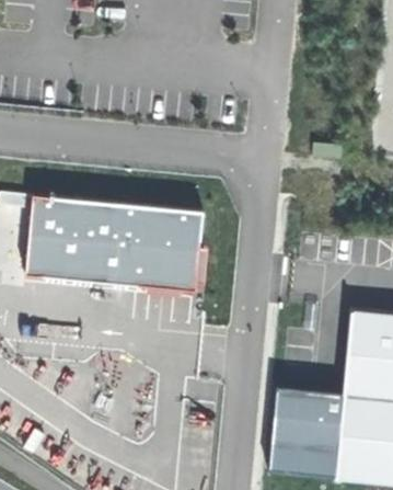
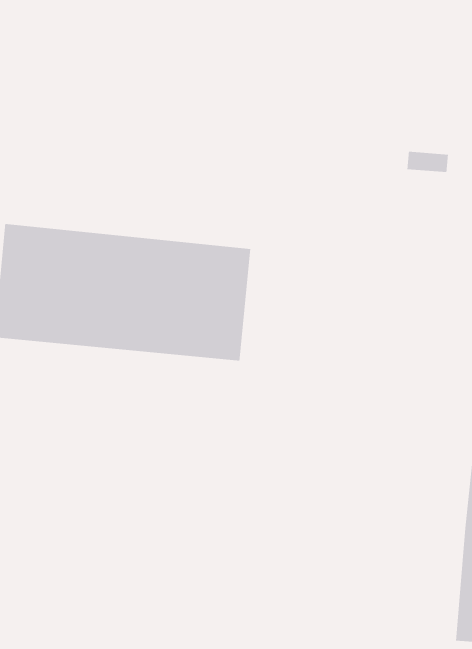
building: [270,398,352,483] -> none

